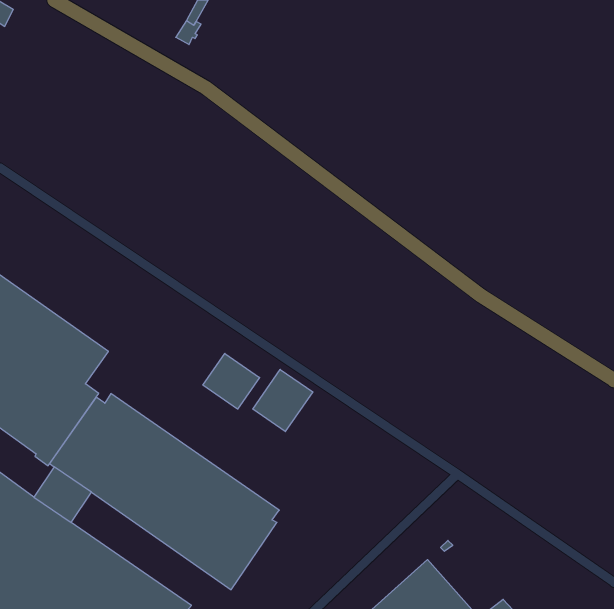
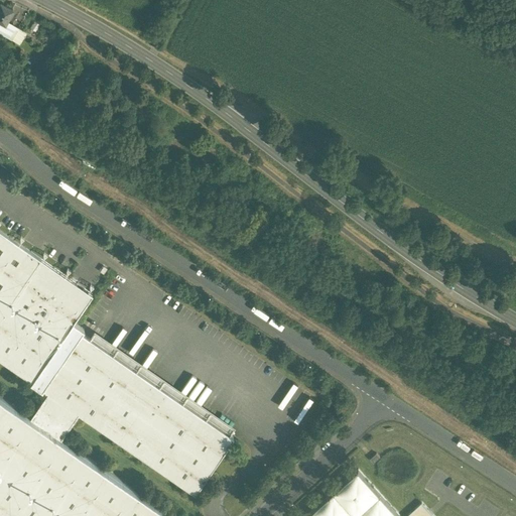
building: [203,353,260,409] -> none
building: [253,369,313,432] -> none

